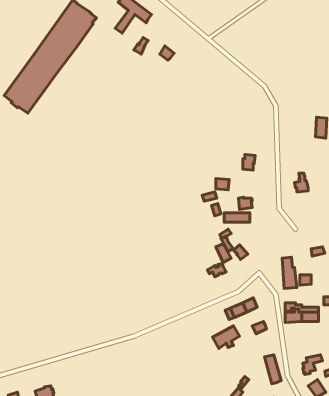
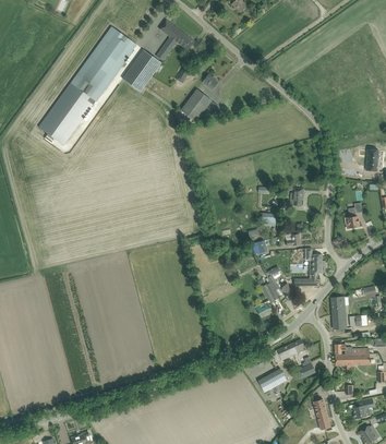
building: none -> [122,49,161,93]
building: none -> [181,89,218,122]
building: none -> [294,249,322,286]

